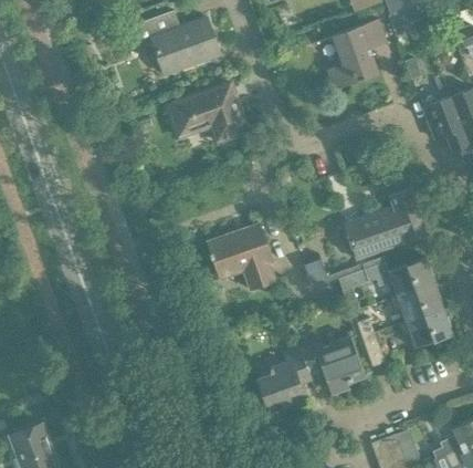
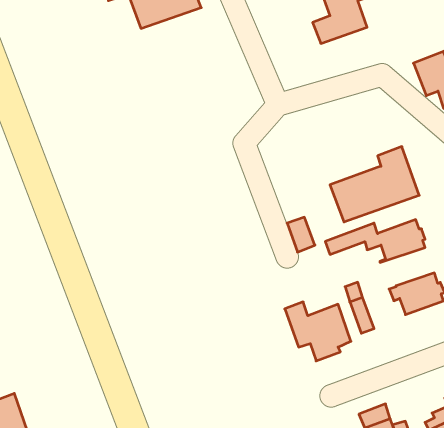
building: [168,83,249,143] -> none
building: [208,223,275,289] -> none
building: [391,284,443,321] -> none
building: [257,343,314,414] -> none

